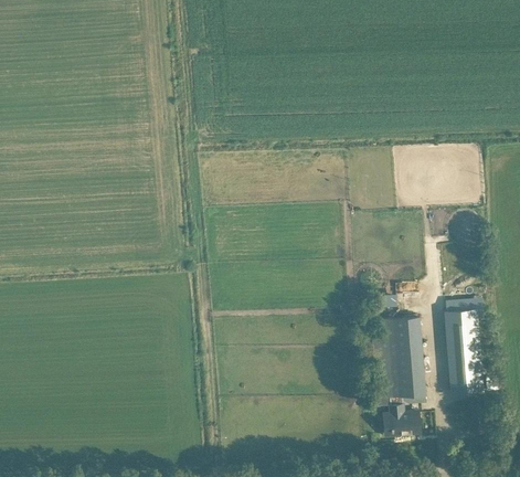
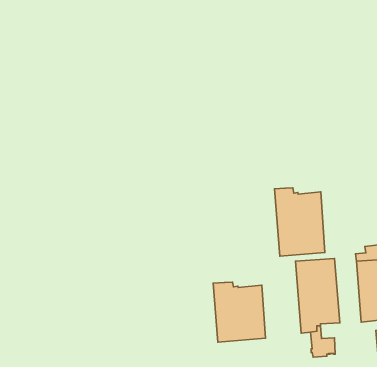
building: none -> [275,188,325,256]
building: none -> [213,282,265,342]

